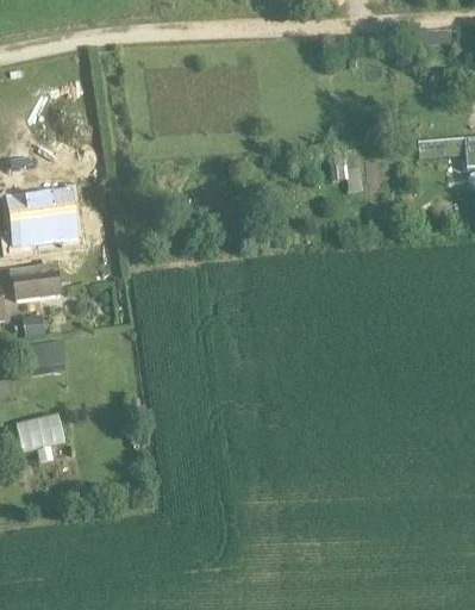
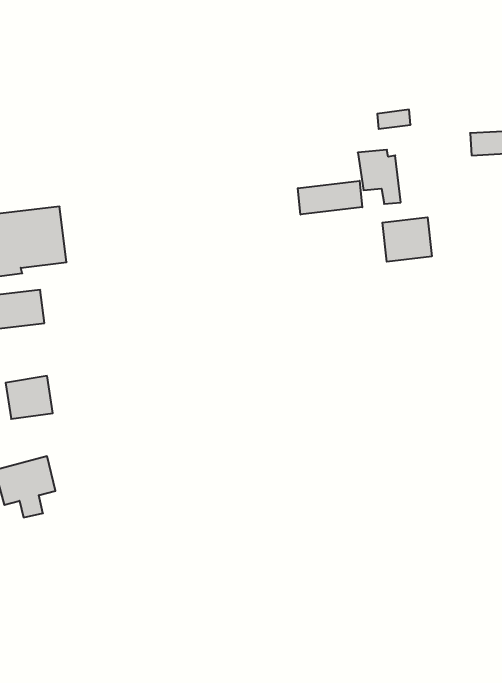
building: none -> [298,181,362,215]
building: none -> [382,217,432,262]

